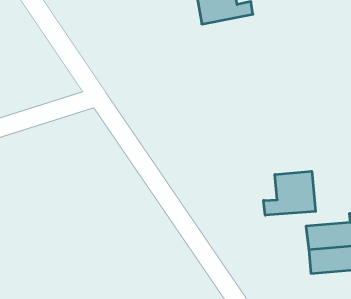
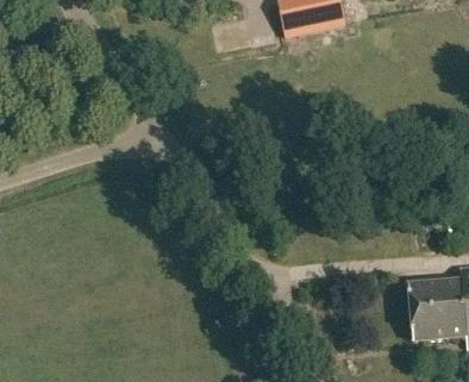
building: [264,171,316,215] -> none

